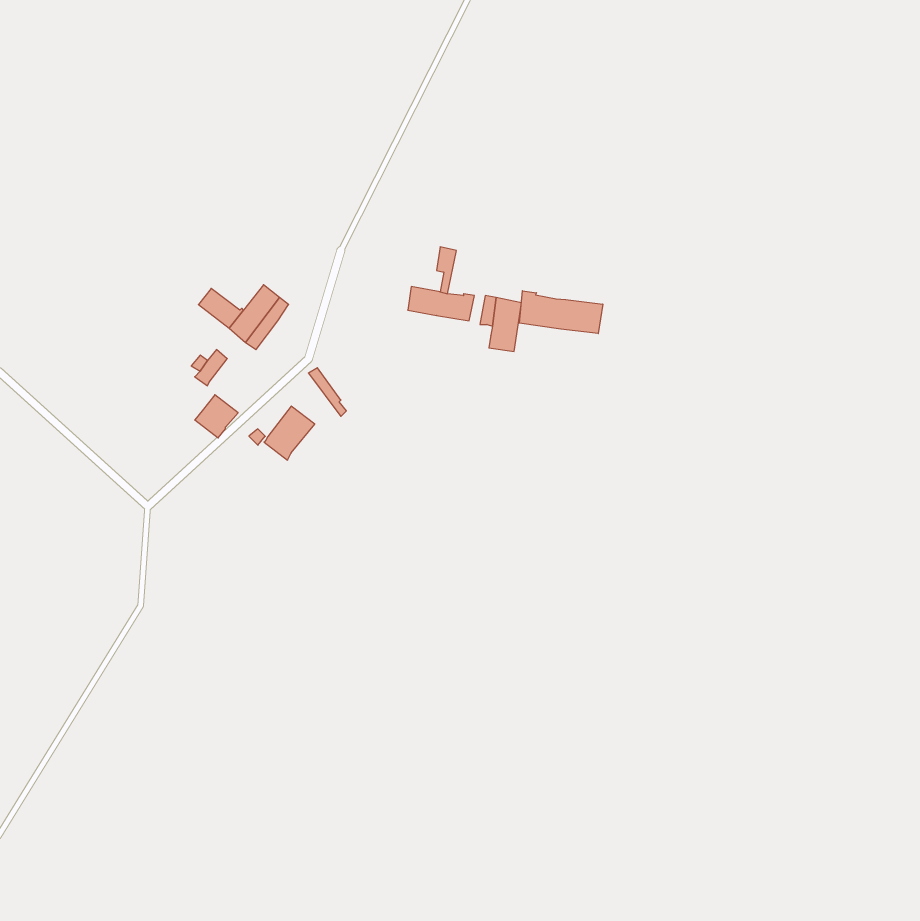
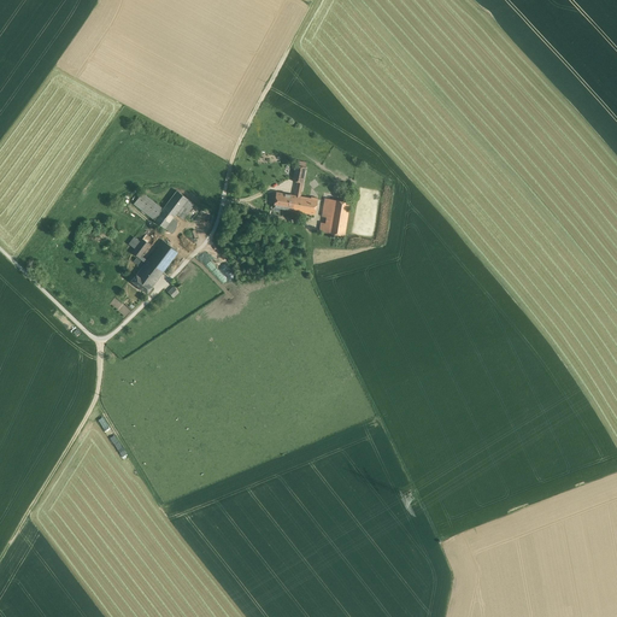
building: [519,291,603,334] -> none
building: [264,406,315,460] -> [143,240,177,276]

